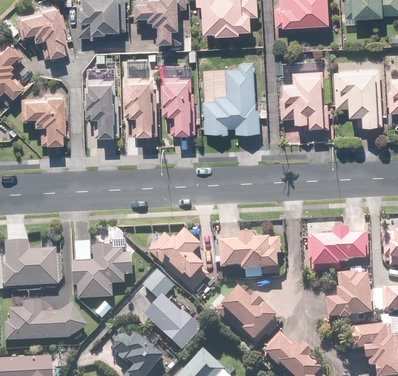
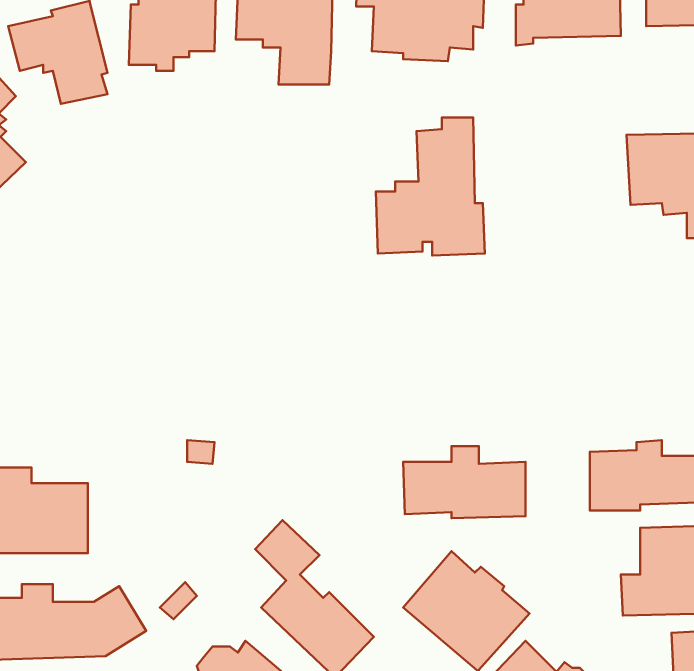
building: [87,68,119,136] -> none
building: [125,68,156,134] -> none
building: [162,71,192,133] -> none
building: [281,71,326,124] -> none
building: [19,96,64,143] -> none
building: [149,228,210,292] -> none
building: [74,243,133,299] -> none

